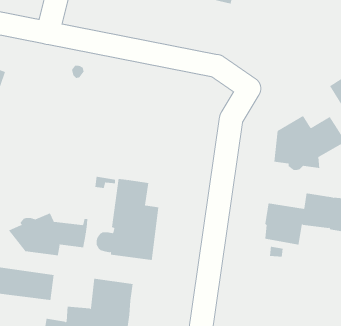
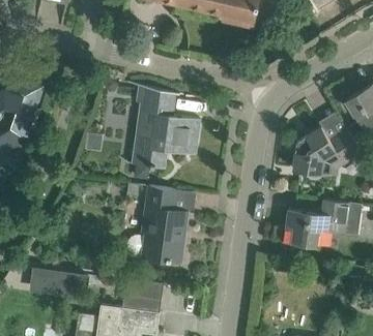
building: none -> [136,85,199,176]
building: [8,213,88,256] -> none

